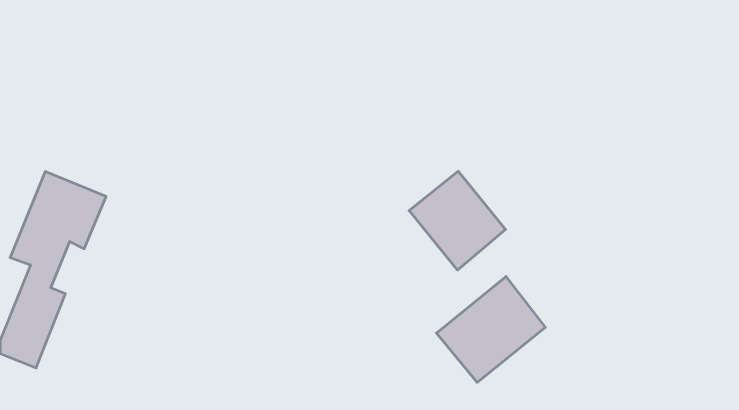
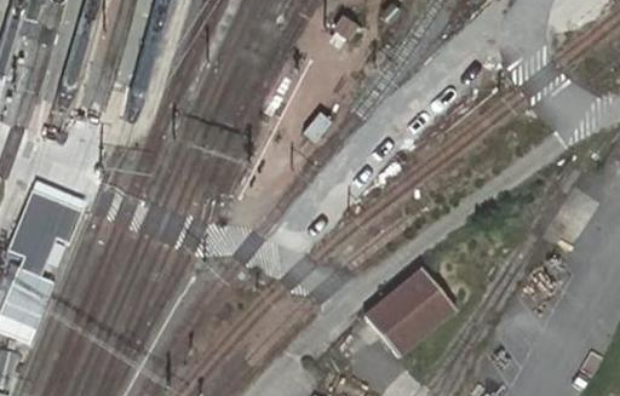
building: [409,171,506,270] -> none

